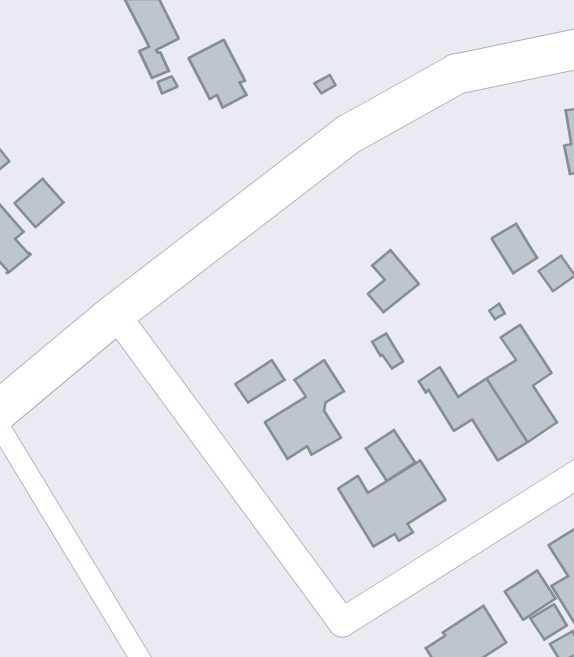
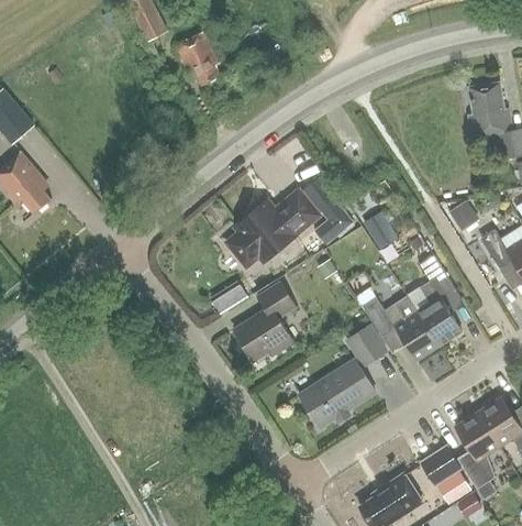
building: [15,179,64,227] -> none
building: [492,224,537,273] -> [362,211,397,250]
building: none -> [229,191,319,265]
building: [366,430,415,481] -> [347,326,386,365]

